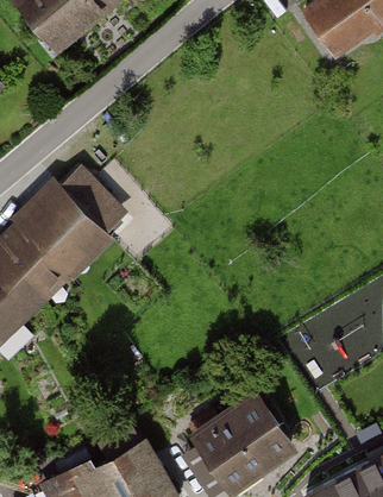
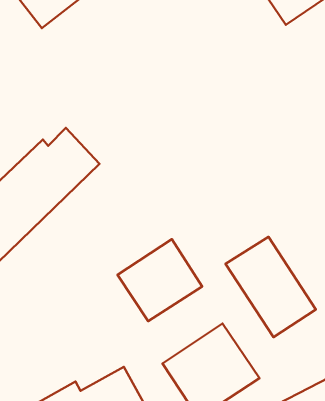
building: none -> [226,237,316,337]
building: none -> [117,239,202,321]

